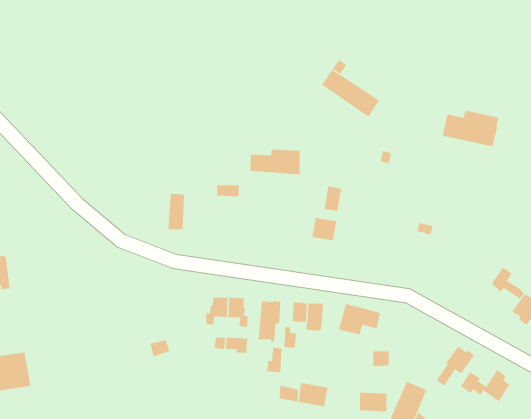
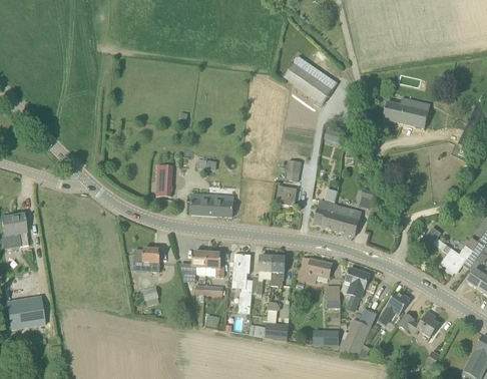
building: [249,148,301,175] -> [190,194,232,216]
building: none -> [314,187,361,236]
building: none -> [134,247,160,271]
building: none -> [345,267,370,298]

